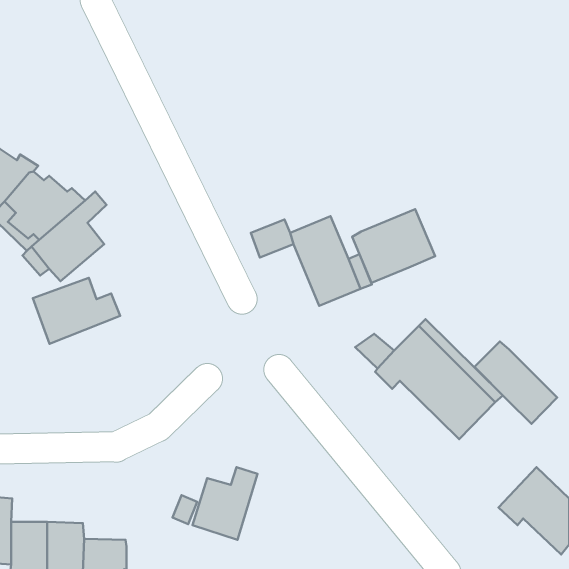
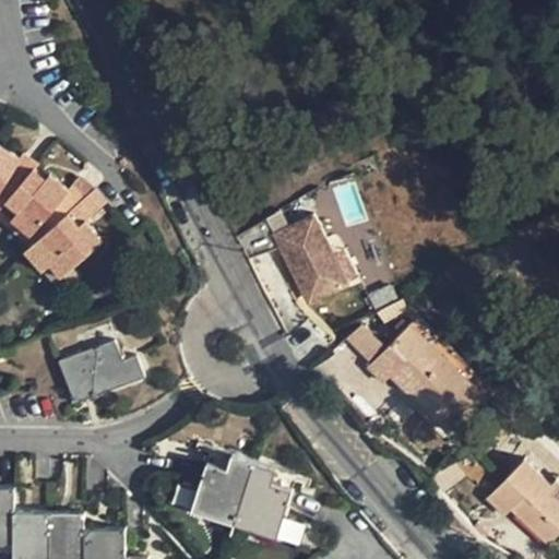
building: [352,209,435,283] -> none
building: [33,278,120,344] -> [57,340,142,404]
building: [475,342,557,424] -> none
building: none -> [231,465,294,543]

